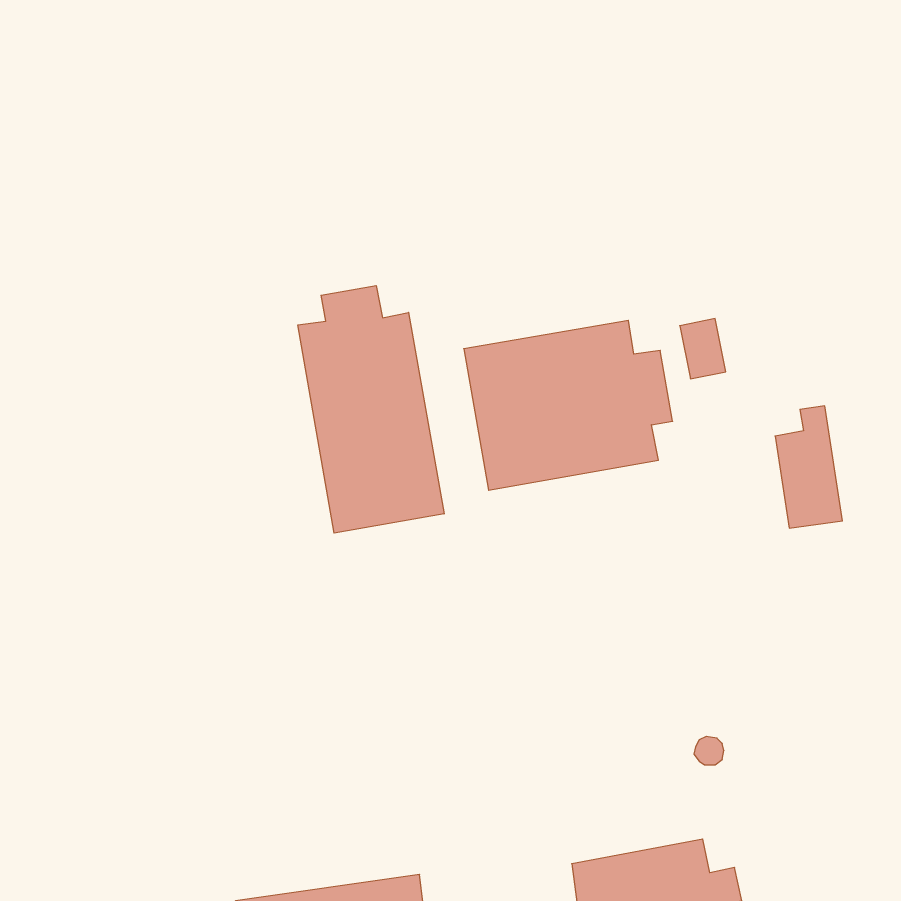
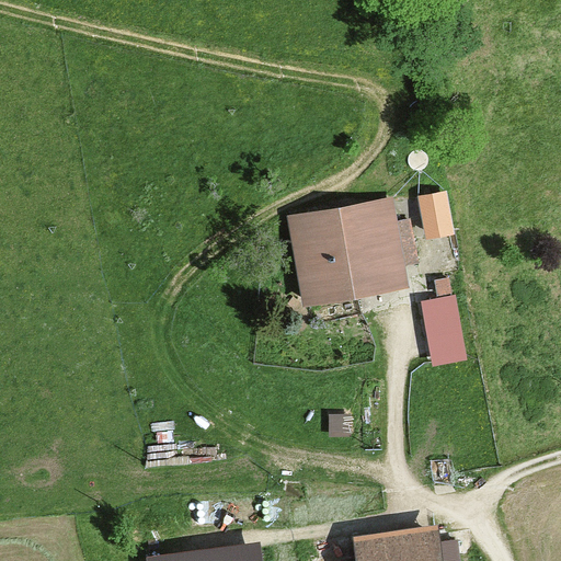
building: [298,286,444,533] -> none
building: [775,406,842,528] -> [421,284,462,359]

